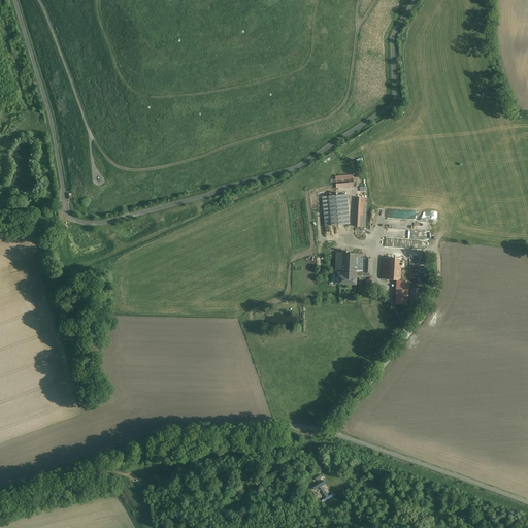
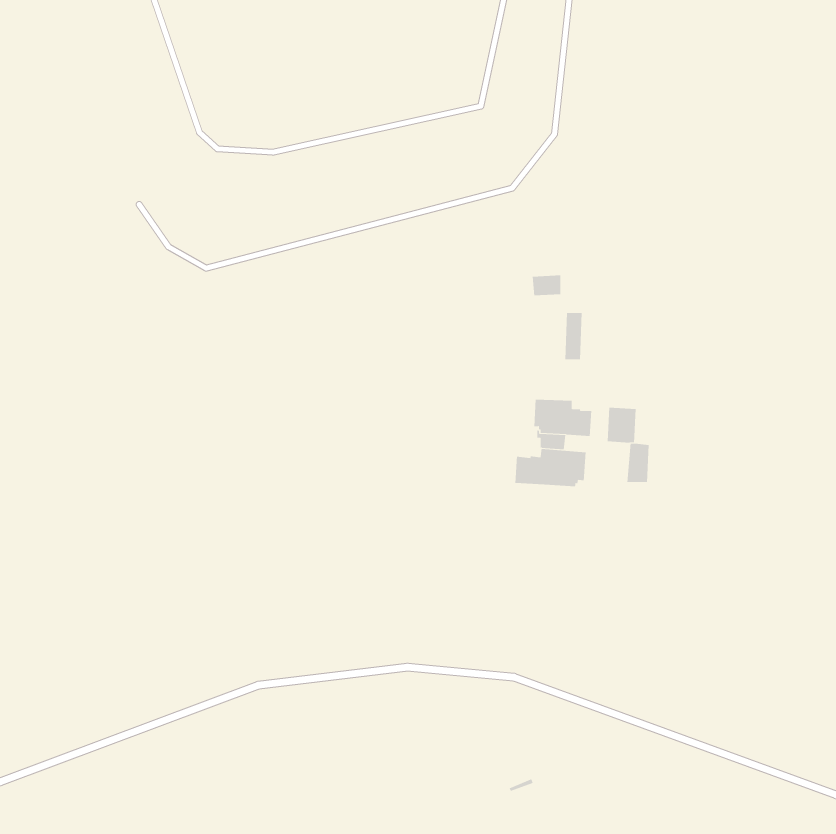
building: [322,193,351,224] -> none
building: none -> [515,448,586,487]

